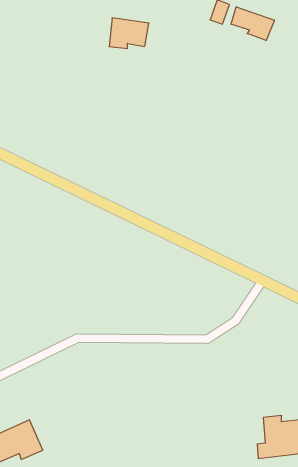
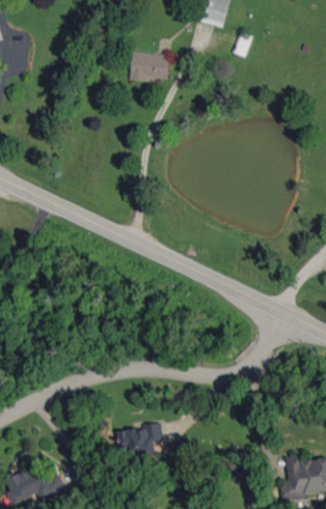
building: [231,7,274,41] -> none
building: none -> [117,423,162,454]

